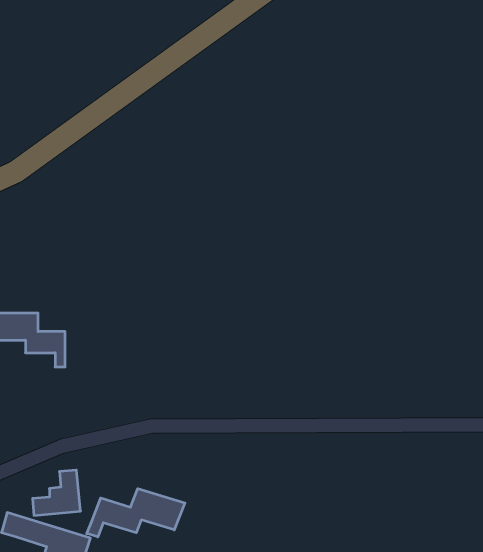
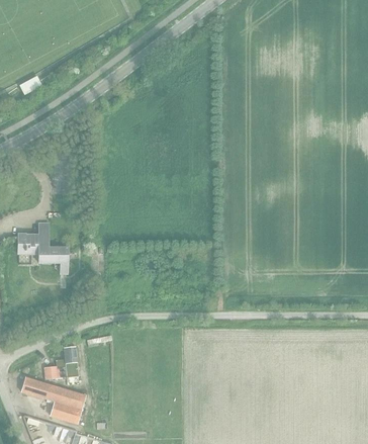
building: [87,489,185,537] -> none

